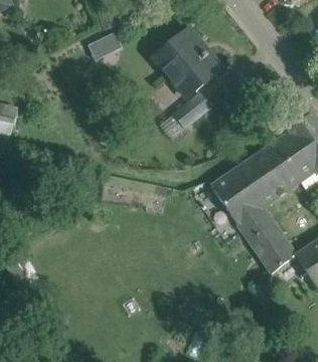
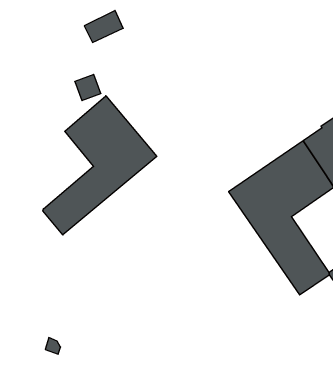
building: [153,29,222,129] -> none
building: none -> [43,96,157,235]

